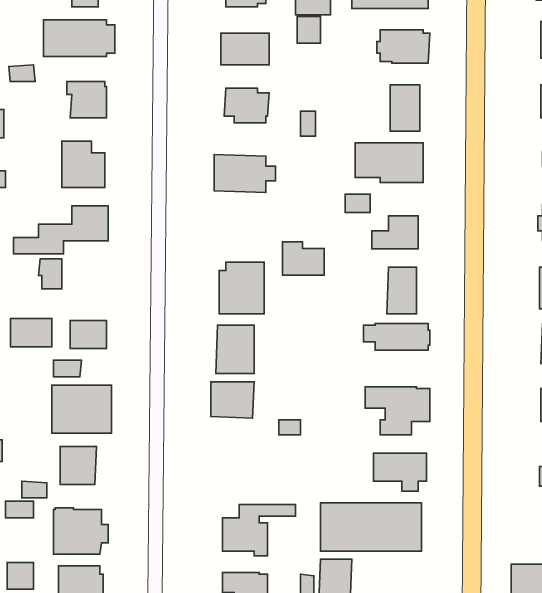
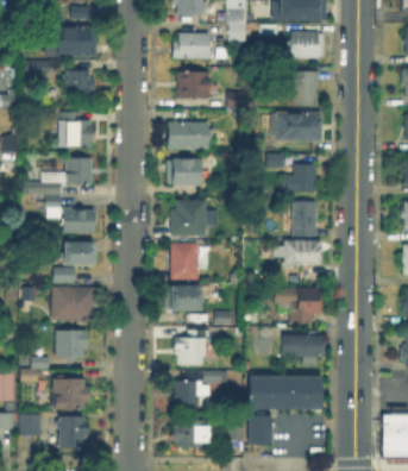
building: [283,242,324,275] -> [169,159,199,183]
building: [11,319,52,347] -> [63,212,93,232]
building: none -> [176,331,211,365]

